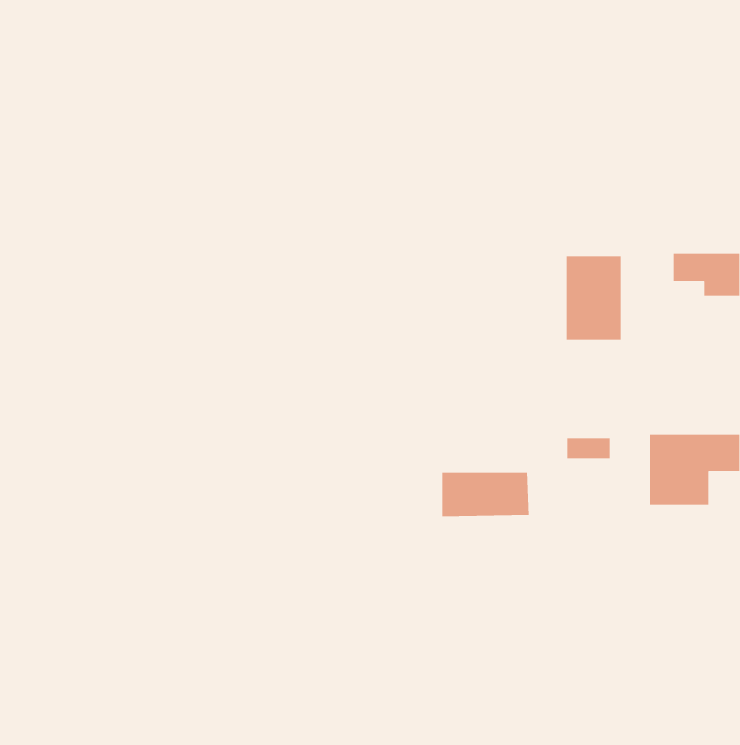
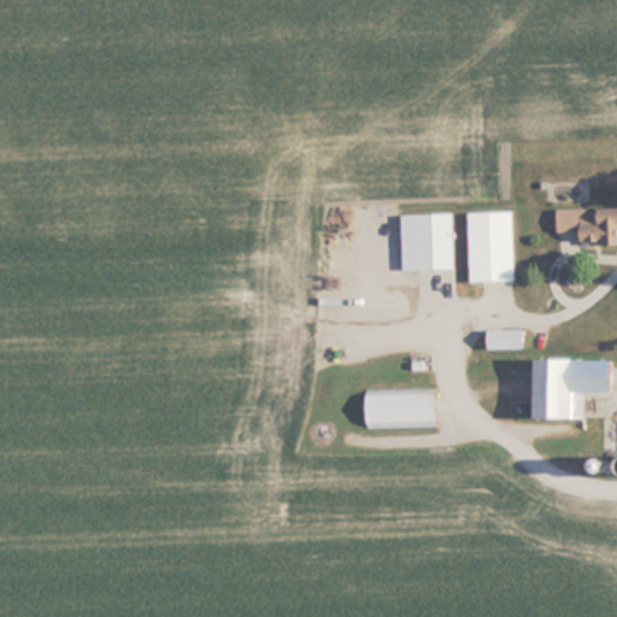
building: none -> [400,215,454,270]
building: [567,437,611,459] -> [486,330,522,348]

